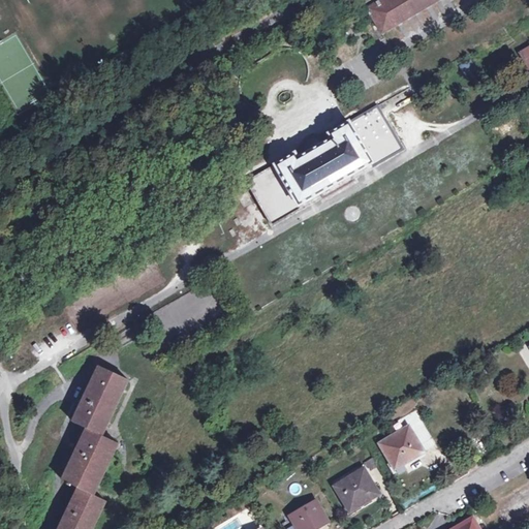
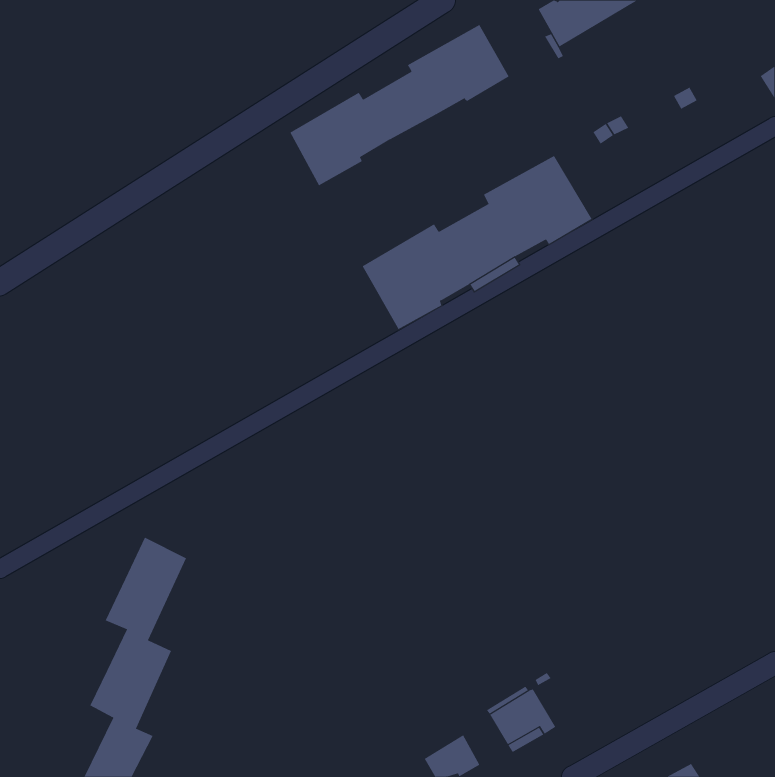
building: none -> [290,24,510,186]
building: [378,427,423,469] -> none

